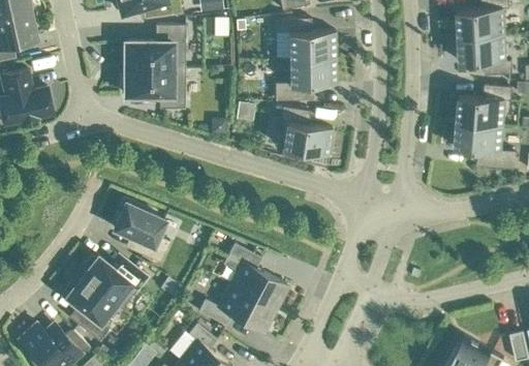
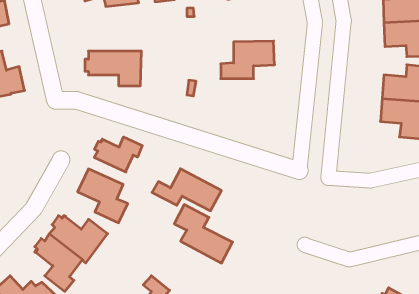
building: [274,20,334,59] -> none
building: [124,25,184,69] -> none
building: [279,108,331,156] -> none
building: none -> [94,137,142,172]
building: [196,284,275,332] -> [152,169,221,211]

